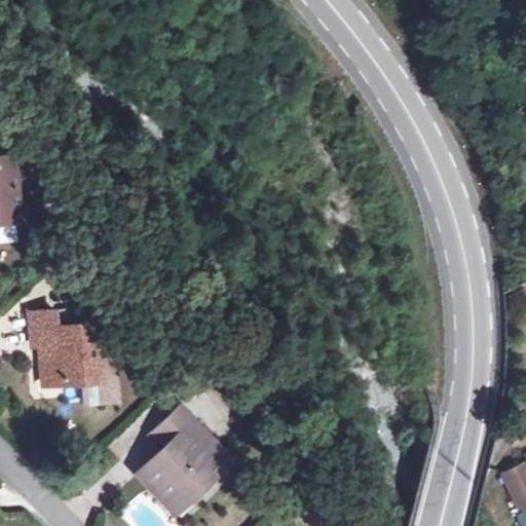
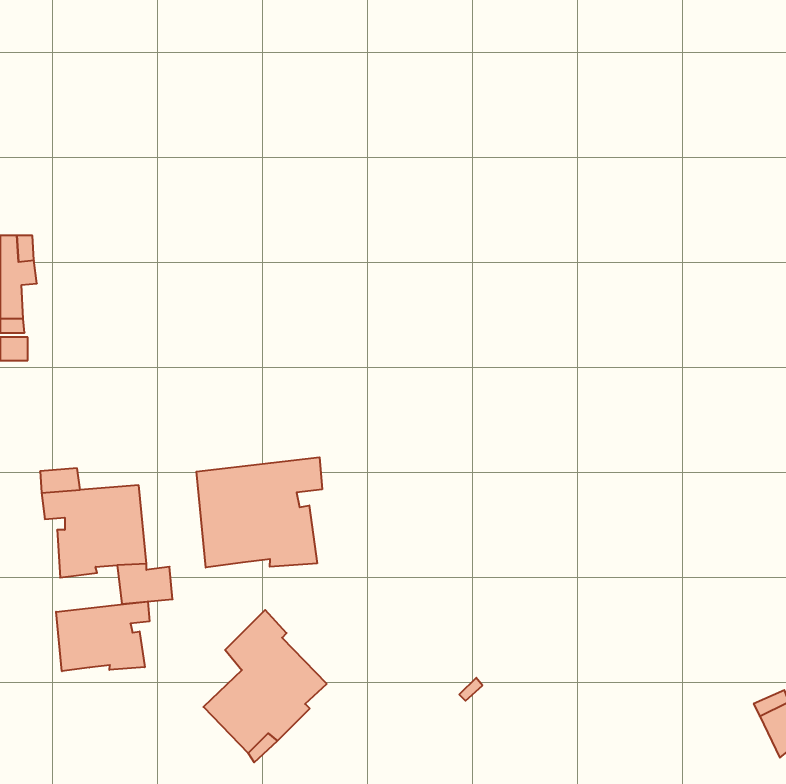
building: none -> [196,457,322,568]
building: none -> [56,601,149,671]

